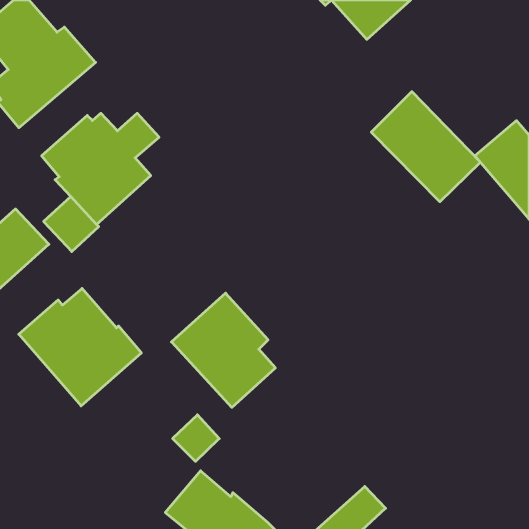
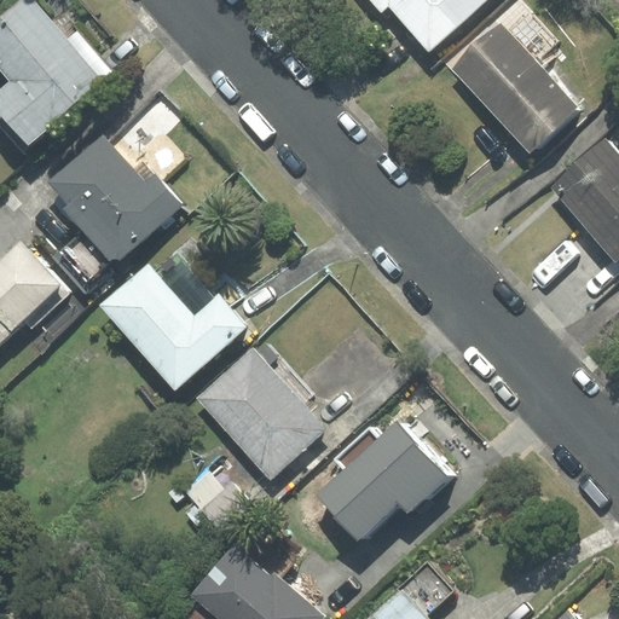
building: [371,92,480,202] -> [458,25,585,154]
building: [19,288,141,406] -> [100,255,243,392]
building: none -> [318,426,442,538]

